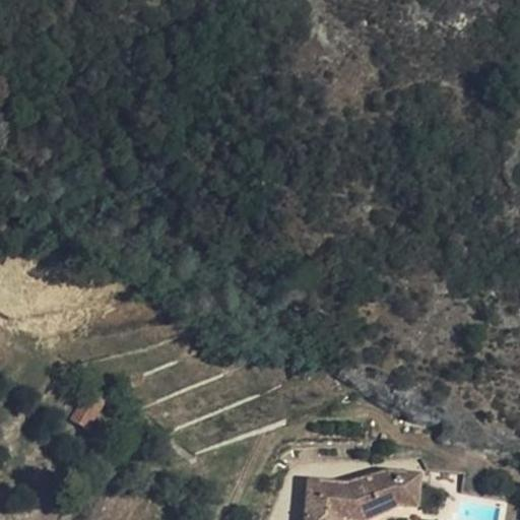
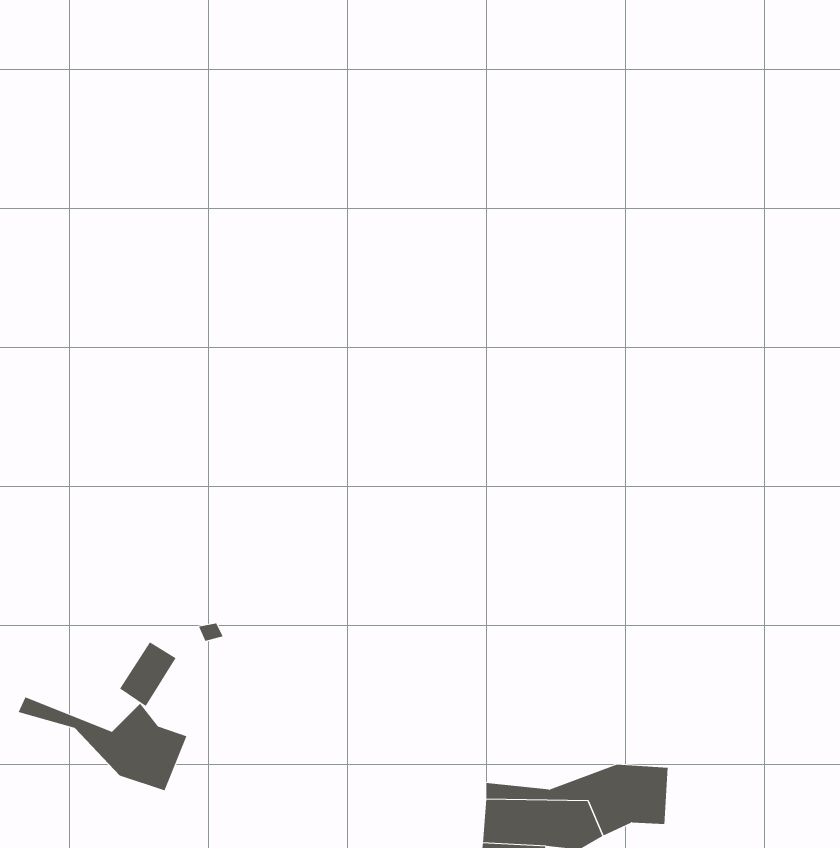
building: none -> [18,697,187,791]

